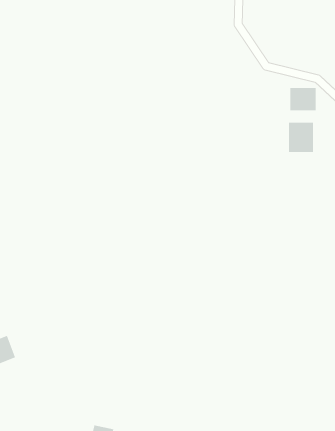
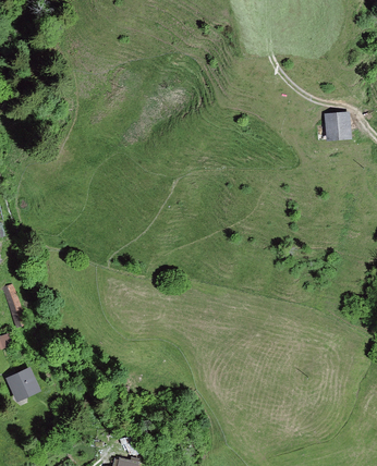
building: [289,122,313,153] -> none

